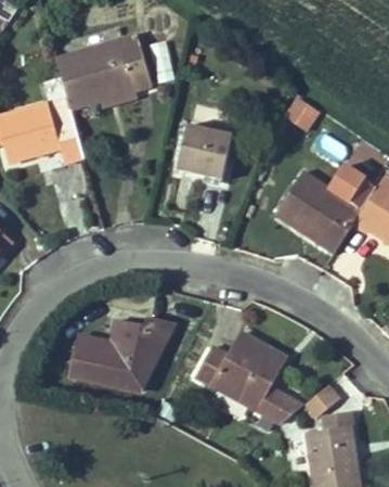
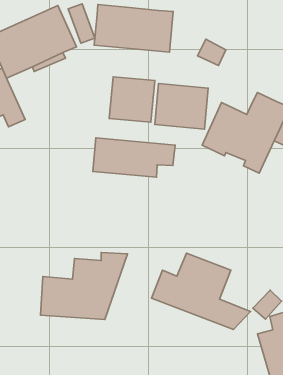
building: none -> [94,5,173,52]
building: none -> [155,84,208,129]
building: none -> [93,138,175,177]

